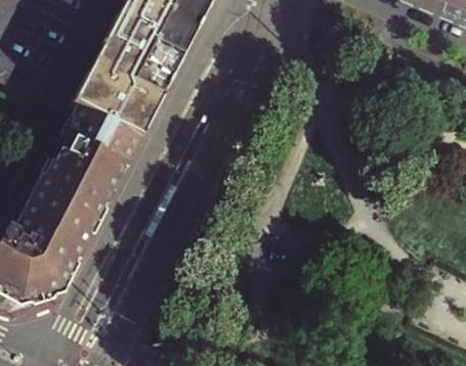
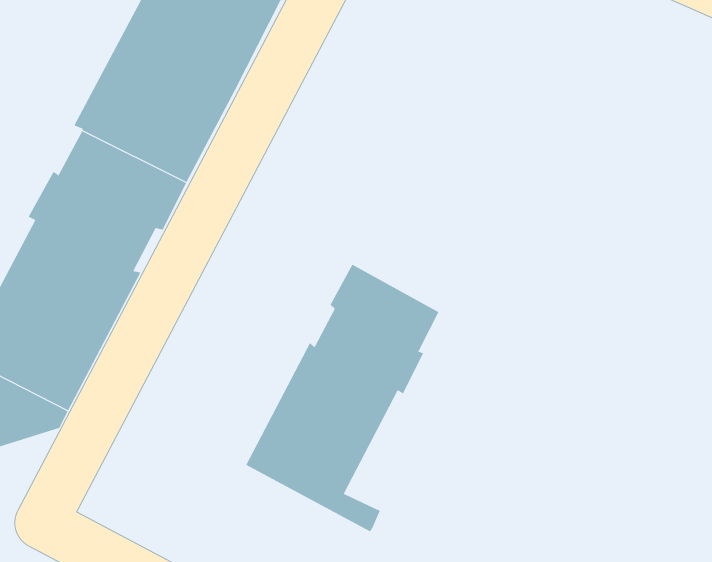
building: none -> [246,264,439,532]

